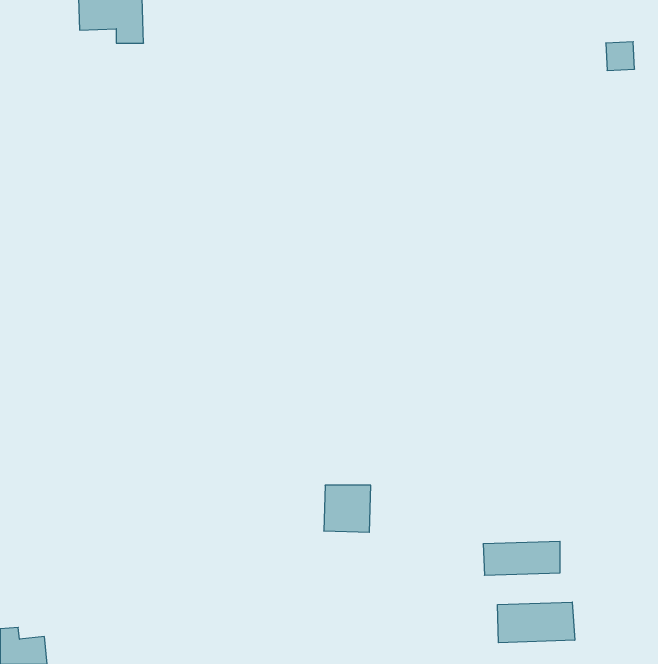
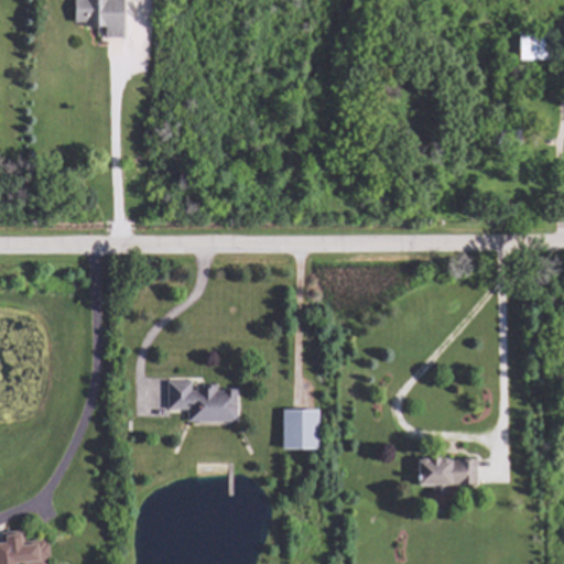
building: none -> [170,380,237,422]
building: [498,602,575,643] -> none

